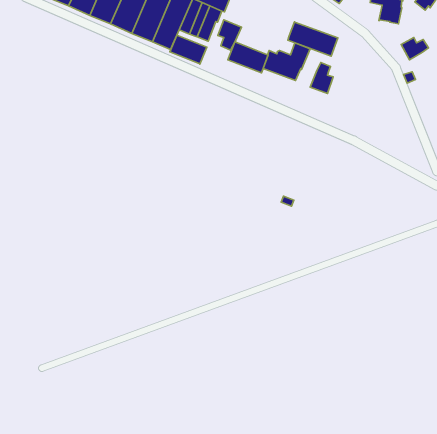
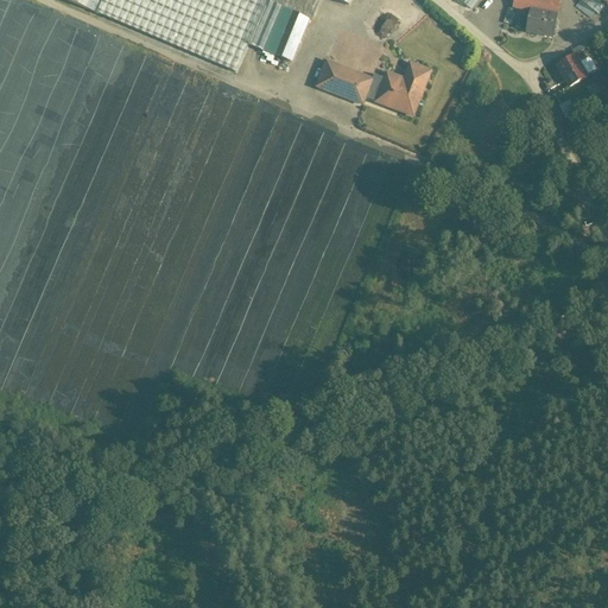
building: [218,20,241,50] -> none
building: [288,22,338,56] -> none
building: [170,35,207,64] -> none
building: [310,62,333,94] -> none

